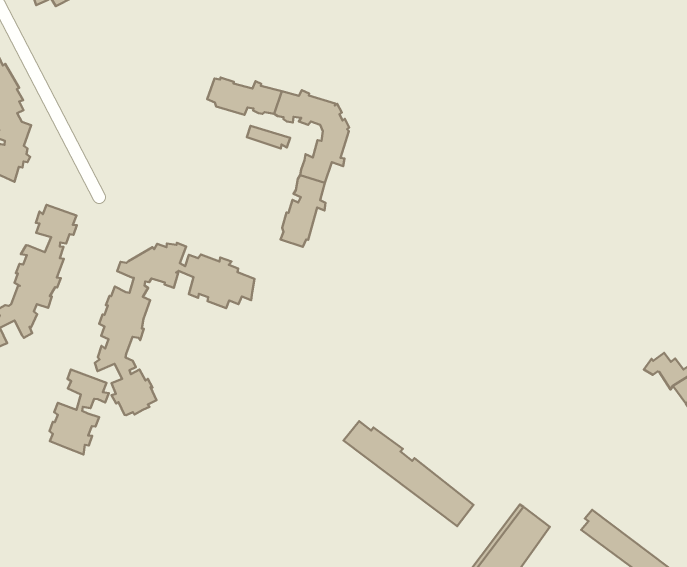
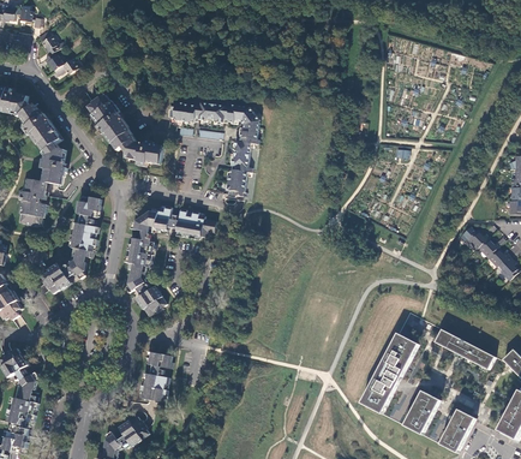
building: none -> [86,95,162,163]
building: [49,369,109,454] -> [139,352,172,403]
building: [343,421,474,526] -> none

